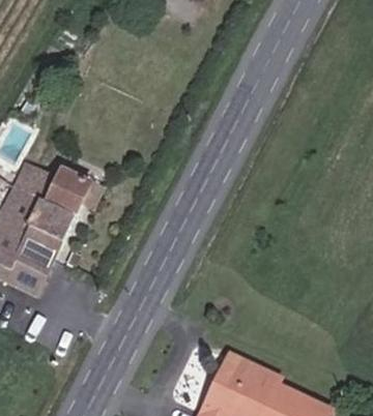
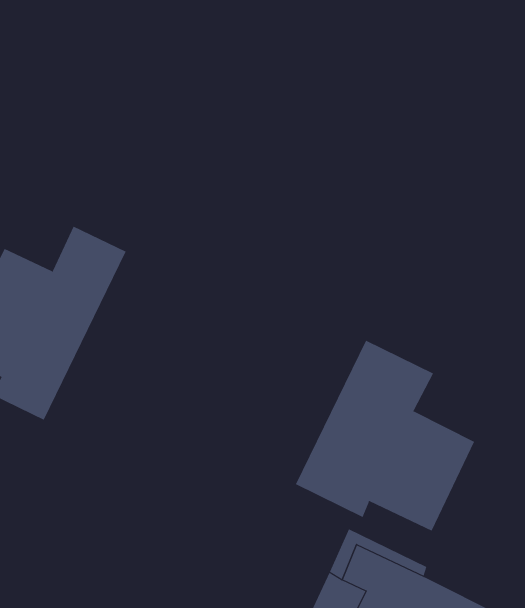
building: none -> [295,340,475,532]

